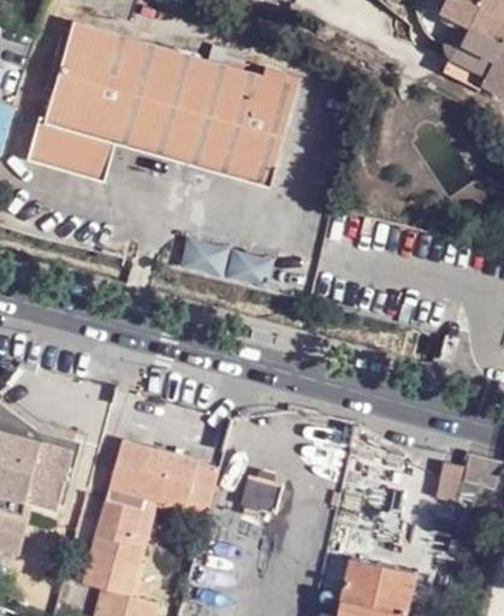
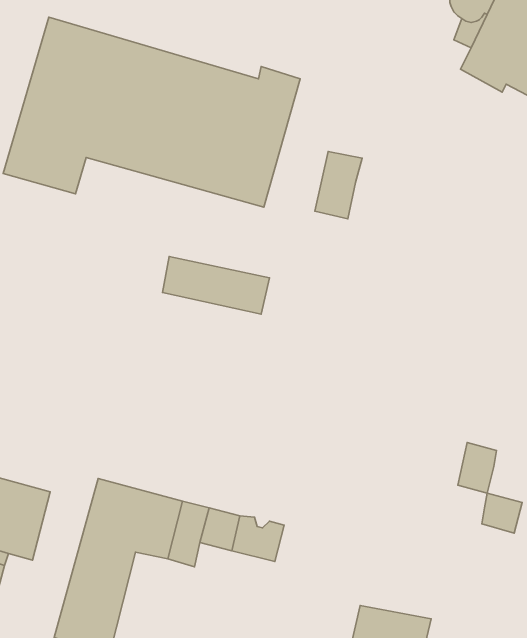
building: none -> [315,152,362,219]
building: [431,456,466,502] -> [458,442,497,493]

